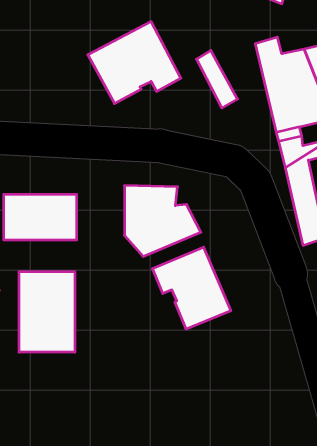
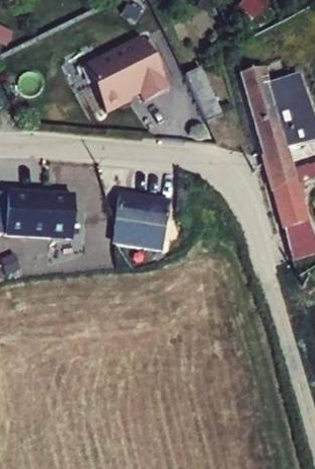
building: [152,247,231,329] -> none
building: [19,272,75,352] -> none

